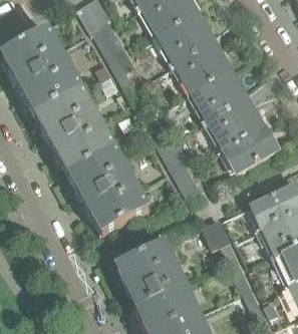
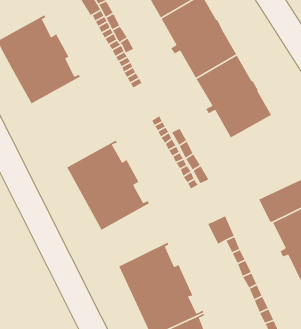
building: [35,87,115,173] -> none
building: [222,123,278,170] -> none

